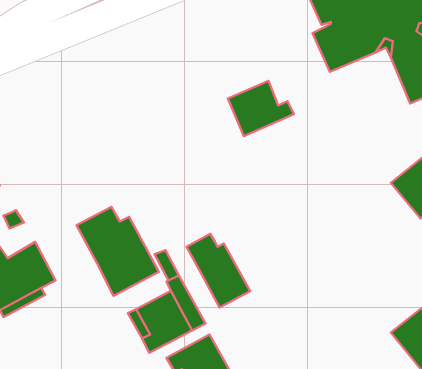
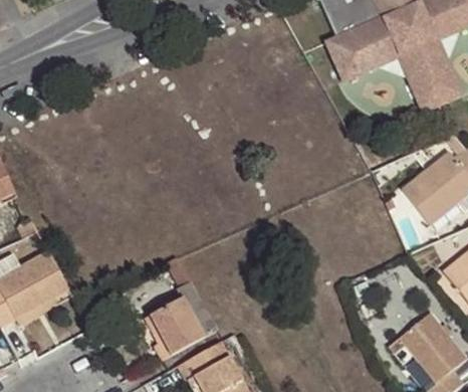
building: [228,81,294,136] -> none
building: [77,207,159,296] -> none
building: [187,234,250,308] -> none

